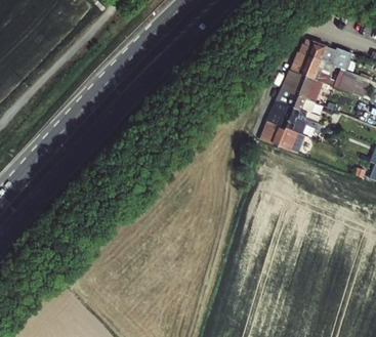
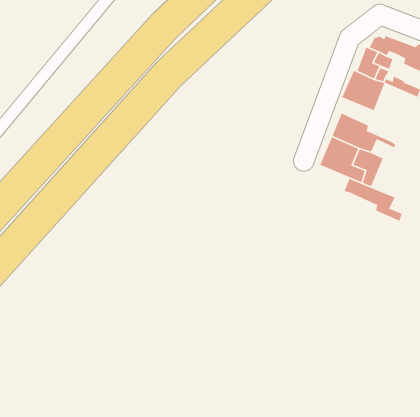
building: [277,87,321,120] -> [343,178,403,222]

